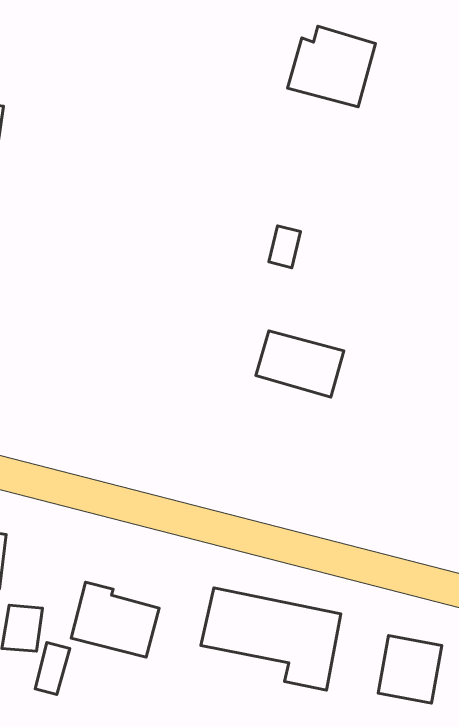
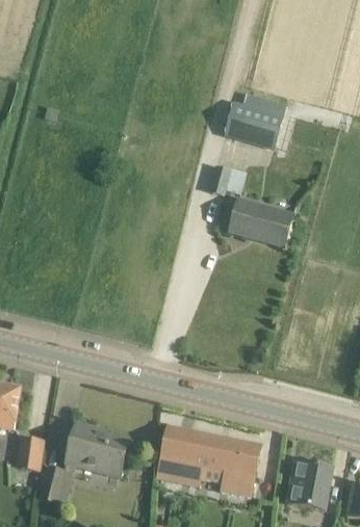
building: [288,26,375,107] -> [224,91,287,150]
building: [256,331,344,397] -> [230,197,293,245]

